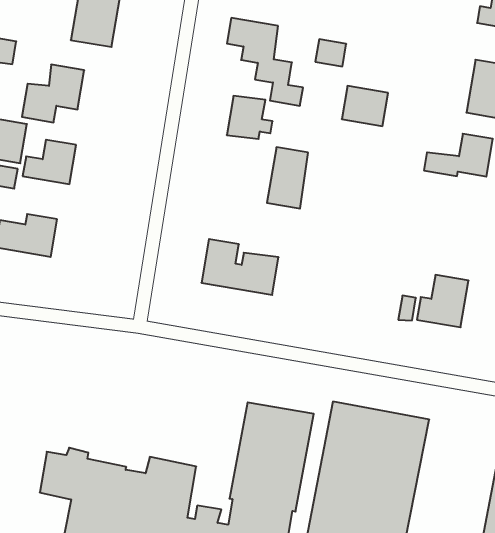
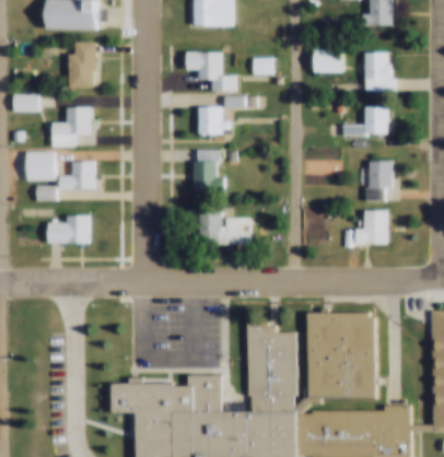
building: [342,86,388,126] -> [316,50,346,74]
building: [267,147,308,209] -> [195,150,219,190]
building: none -> [364,161,392,201]

